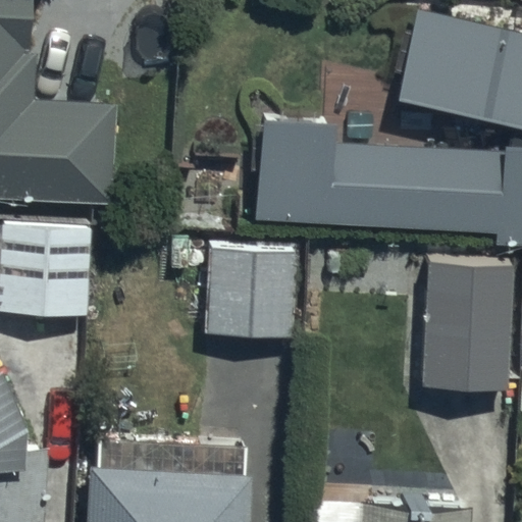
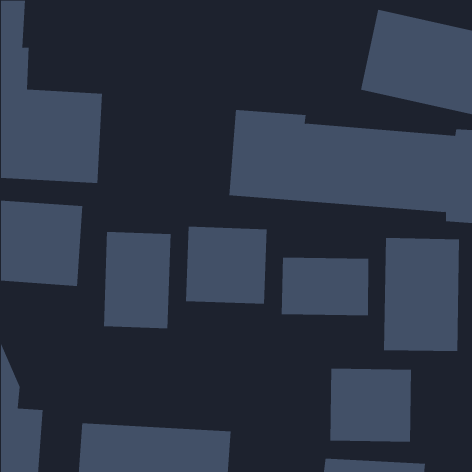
building: none -> [103,231,171,329]
building: none -> [281,257,369,316]
building: none -> [330,368,412,442]

